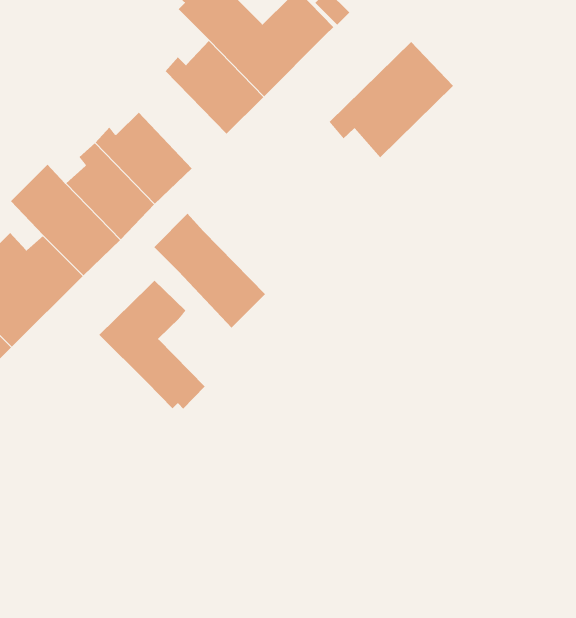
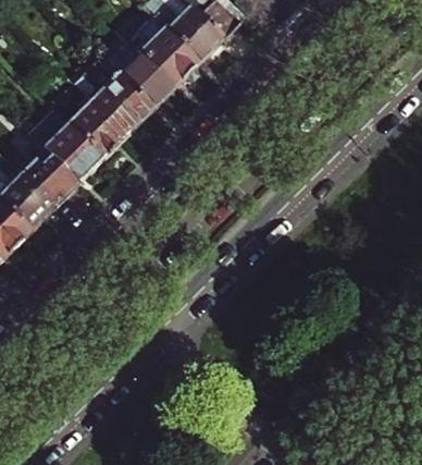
building: [329,41,454,158] -> none
building: [153,213,266,328] -> [92,41,167,119]
building: [98,280,205,410] -> none

